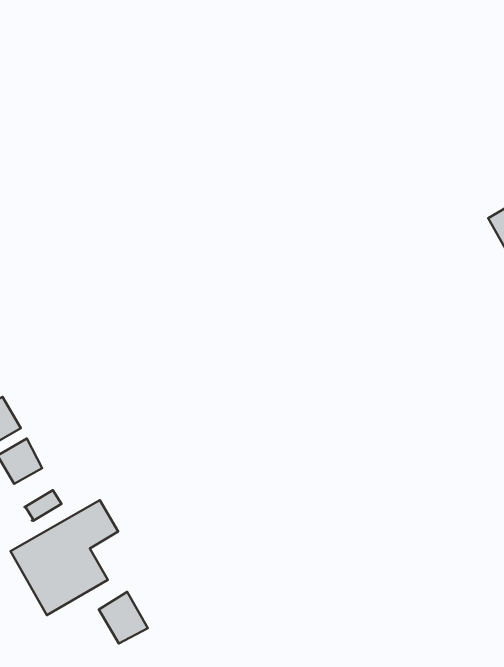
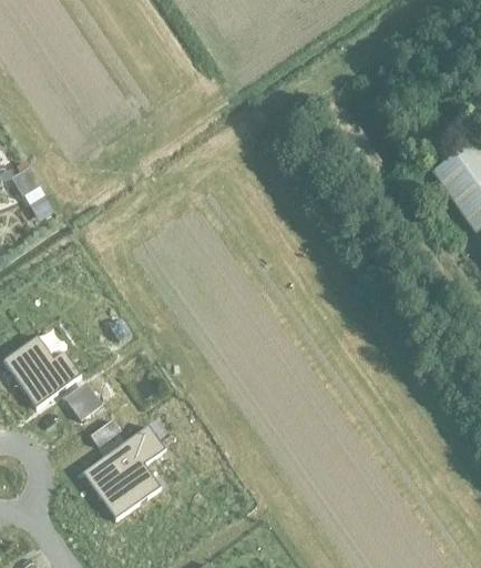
building: [99,592,148,644] -> none

